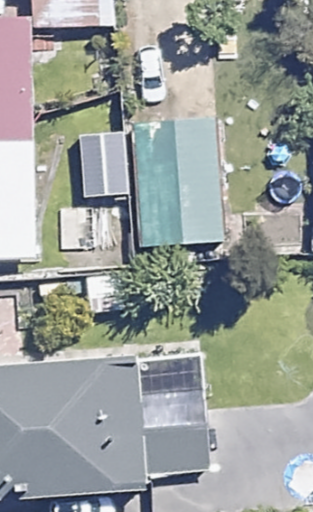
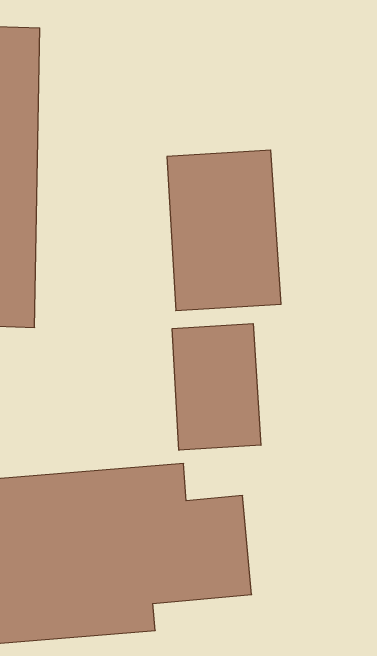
building: none -> [172,324,261,450]

